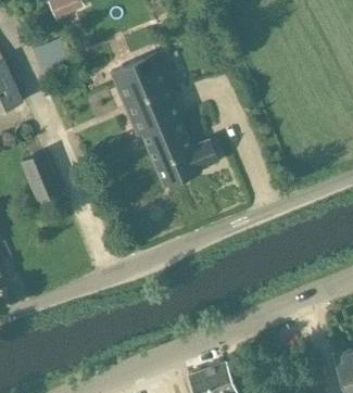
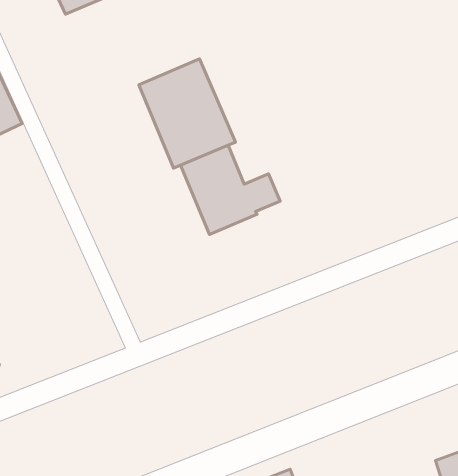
building: [20,152,61,204] -> none

